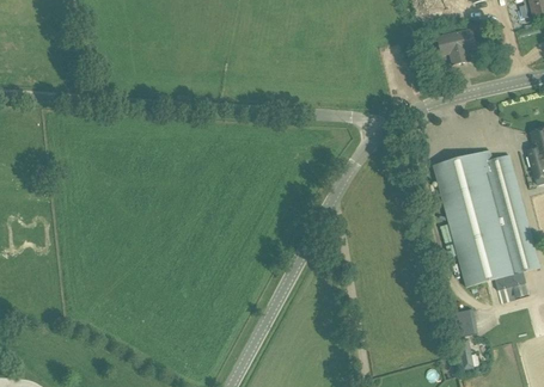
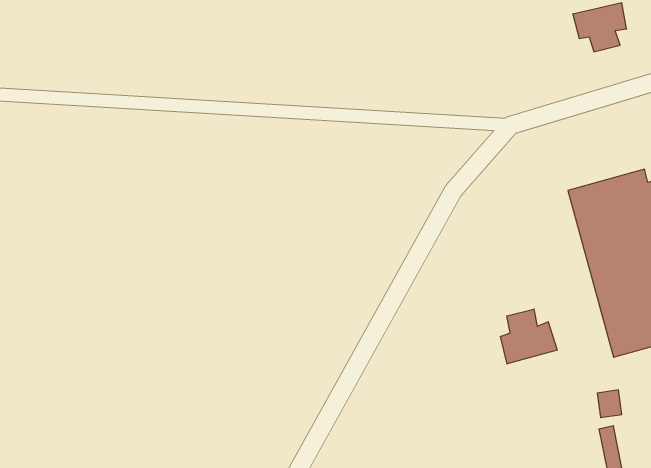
building: none -> [500,309,557,364]

